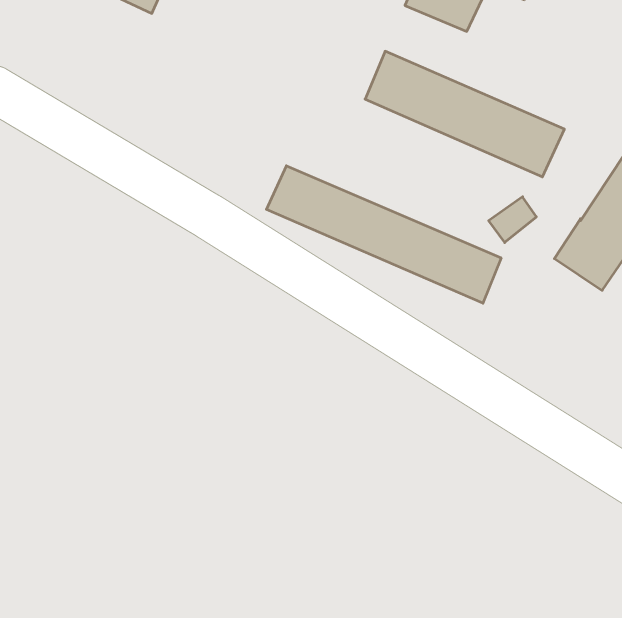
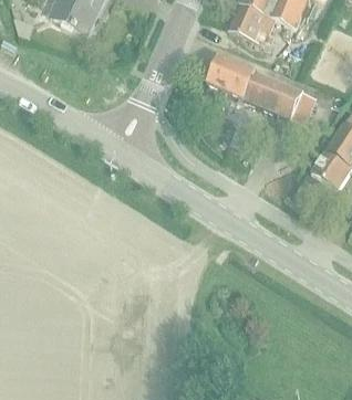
building: [266,166,501,303] -> none

